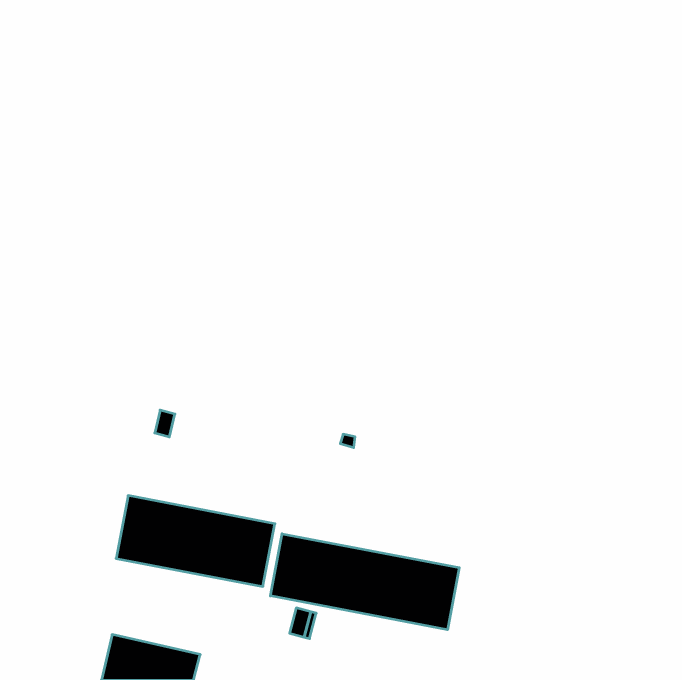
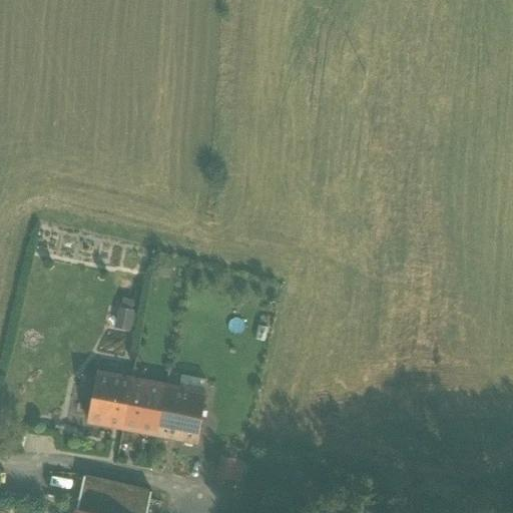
building: [270,534,459,630] -> none

